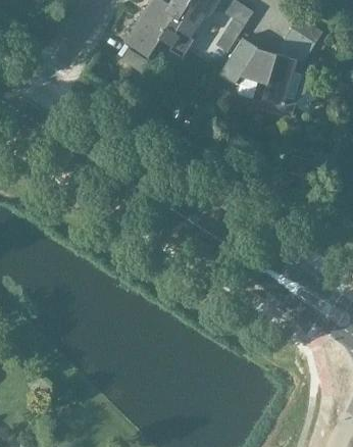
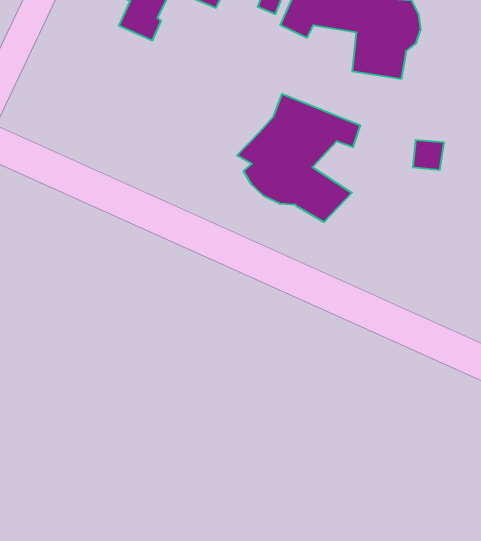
building: none -> [237,94,360,222]

